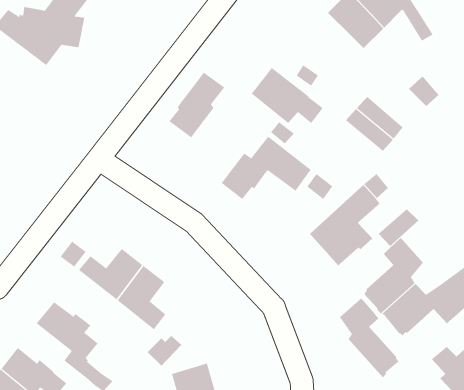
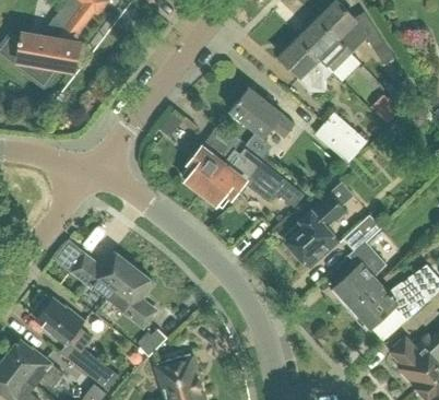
building: none -> [280,37,331,92]
building: [168,72,225,138] -> [181,131,233,191]
building: [339,298,399,378] -> none

